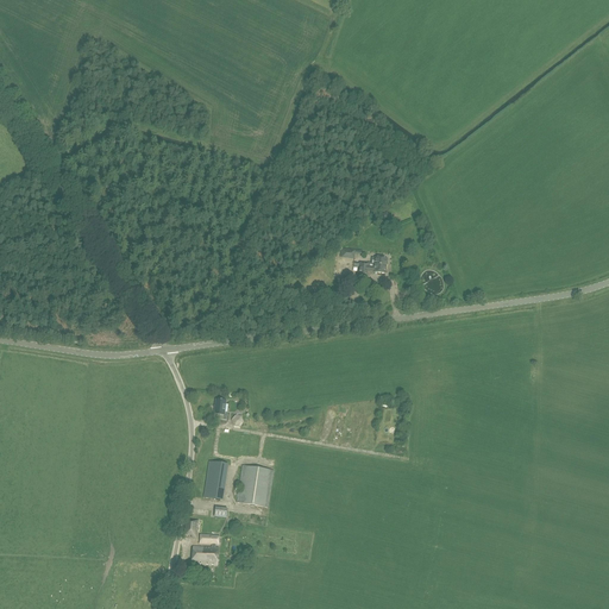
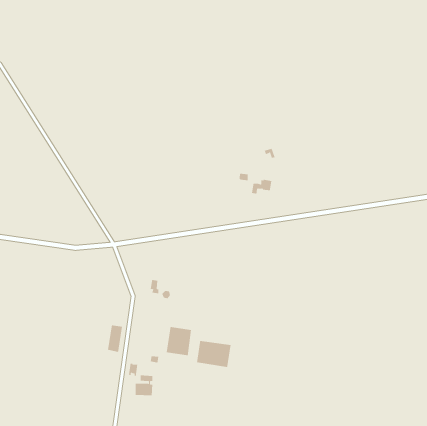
building: [202,459,225,498] -> [107,325,123,352]
building: none -> [196,340,231,368]

